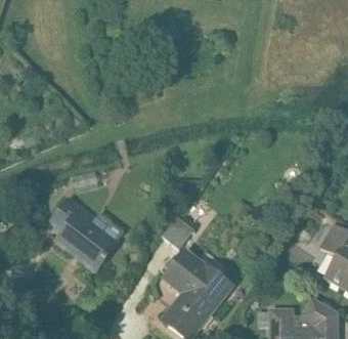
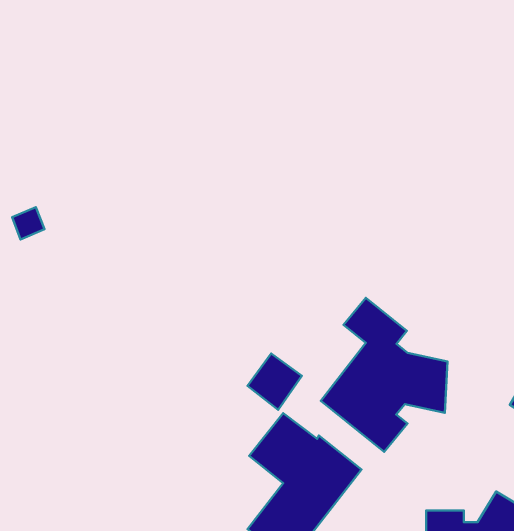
building: none -> [321,298,448,452]
building: [50,198,123,269] -> none

